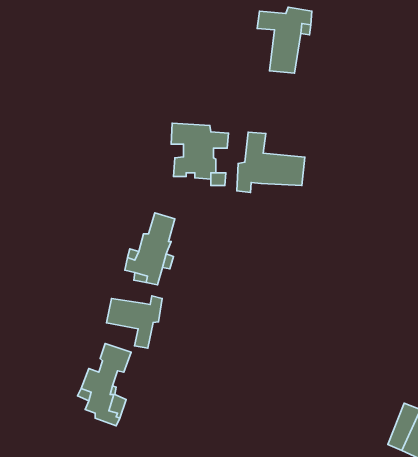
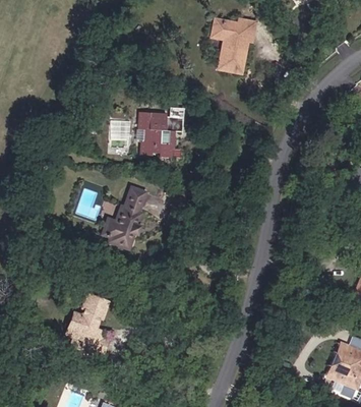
building: [237,132,305,193] -> none
building: [107,296,162,348] -> none

